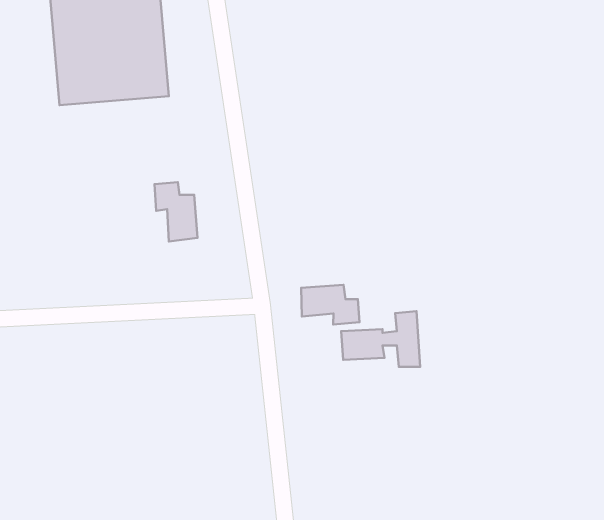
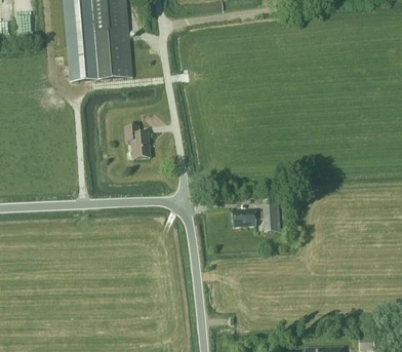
building: [301,285,359,324] -> none

